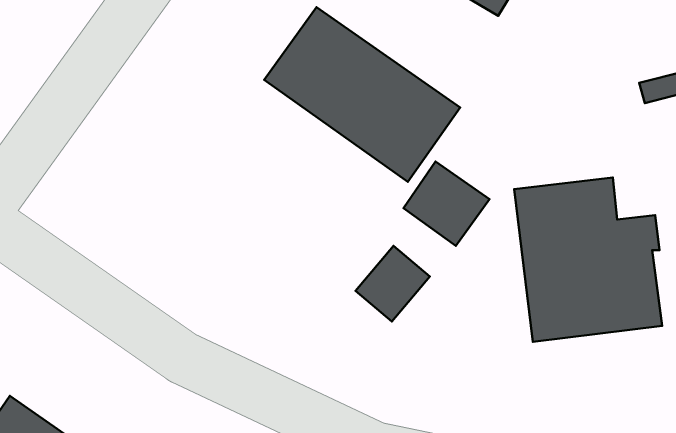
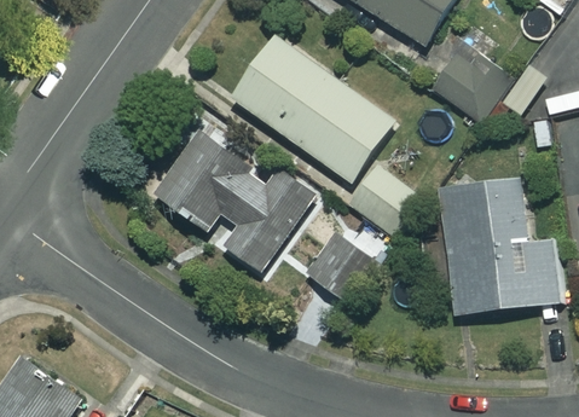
building: none -> [432,45,545,123]
building: none -> [155,131,314,271]

